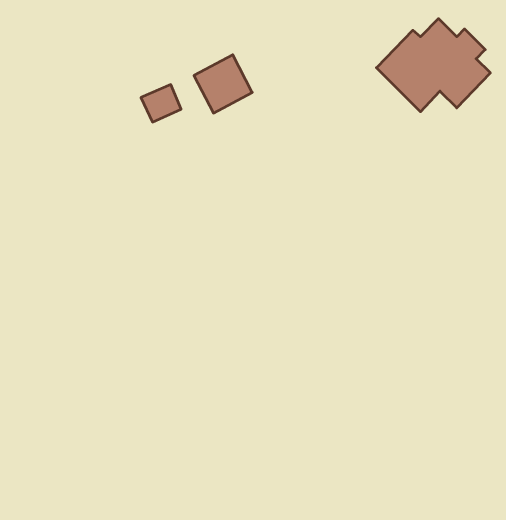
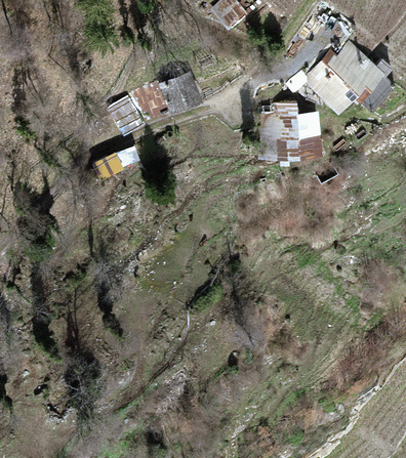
building: none -> [259,117,323,163]

